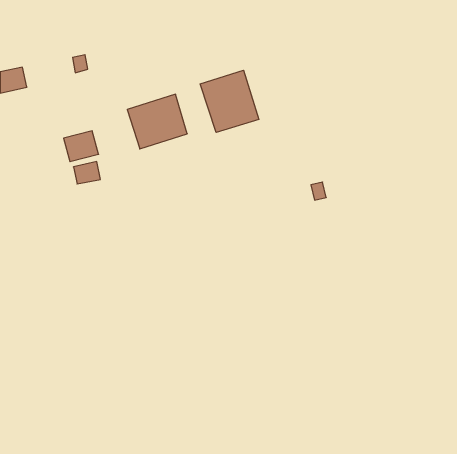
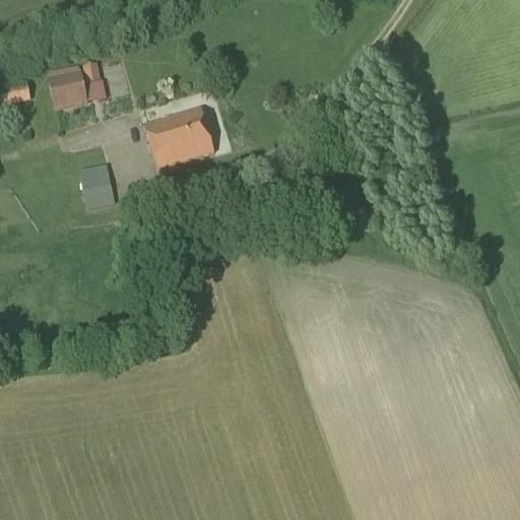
building: none -> [48,64,88,112]
building: [200,70,259,132] -> none

